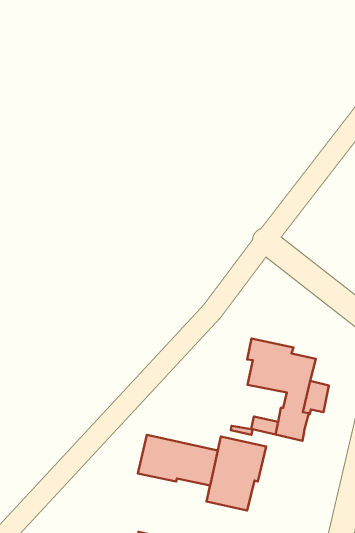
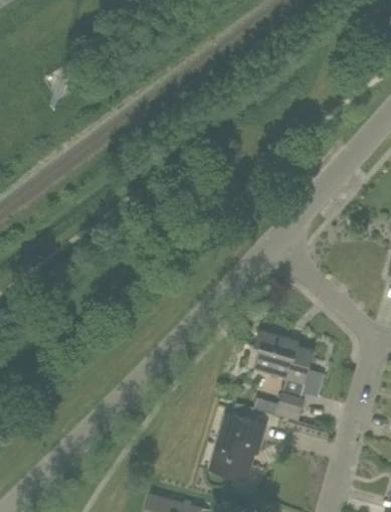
building: [138,435,218,485] -> none

